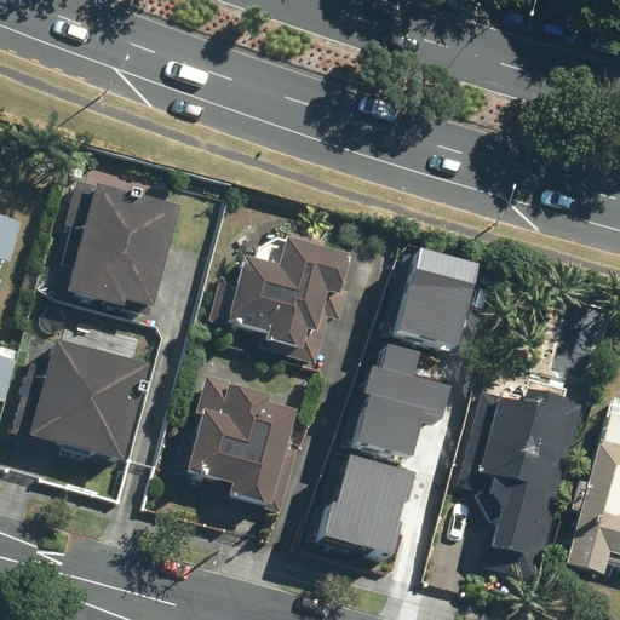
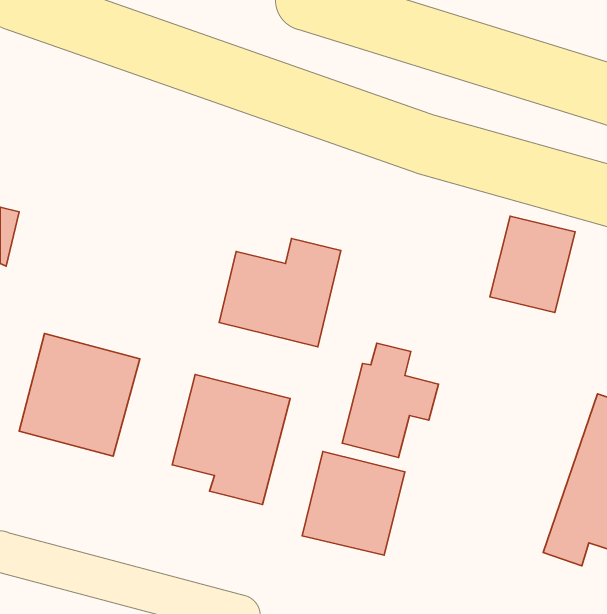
building: [70,184,185,315] -> none
building: [391,252,477,349] -> [490,216,575,312]
building: [465,385,562,553] -> none

